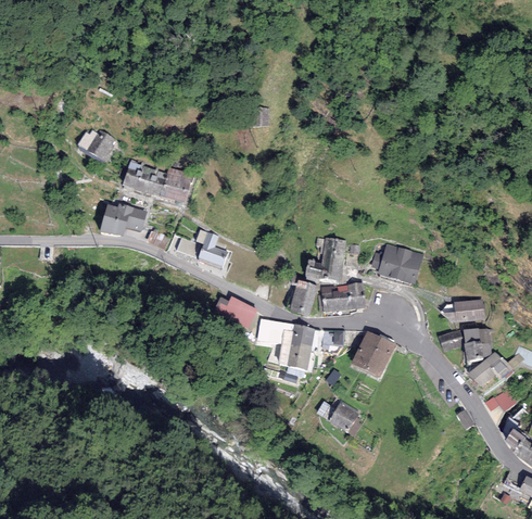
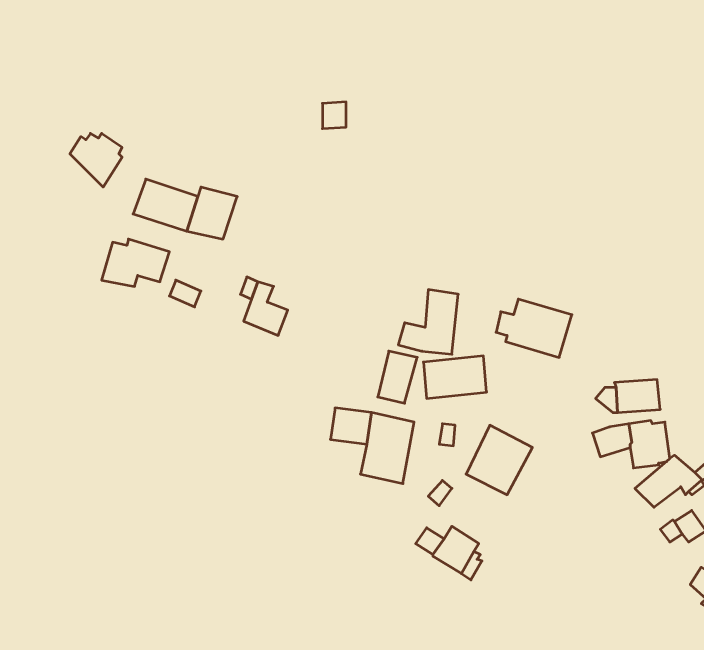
building: [213,295,257,328] -> none

